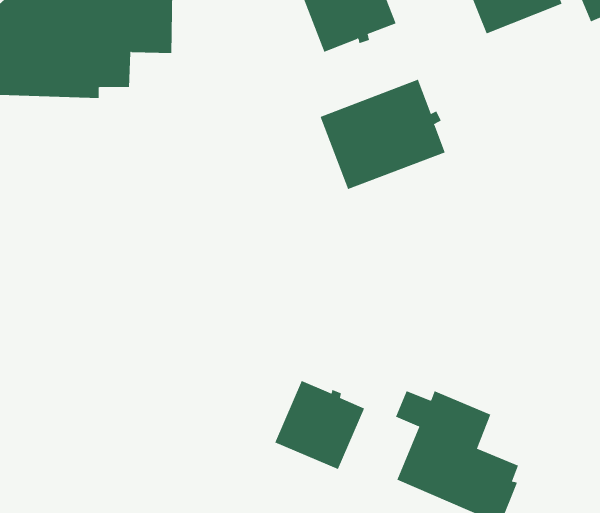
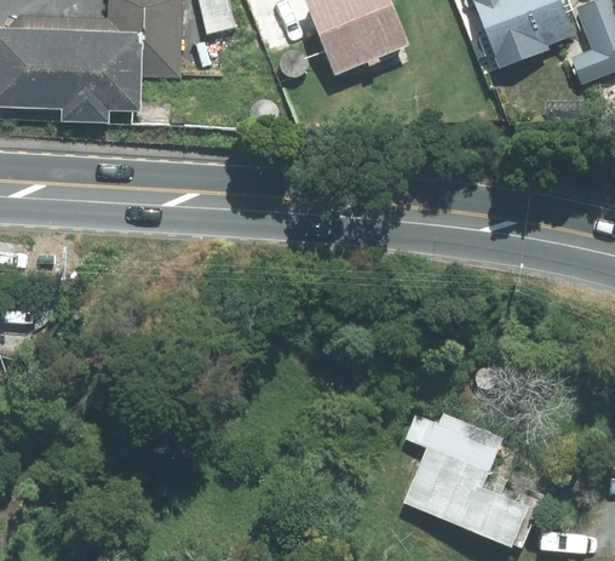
building: [320,79,445,190] -> none
building: [275,380,365,470] -> none

